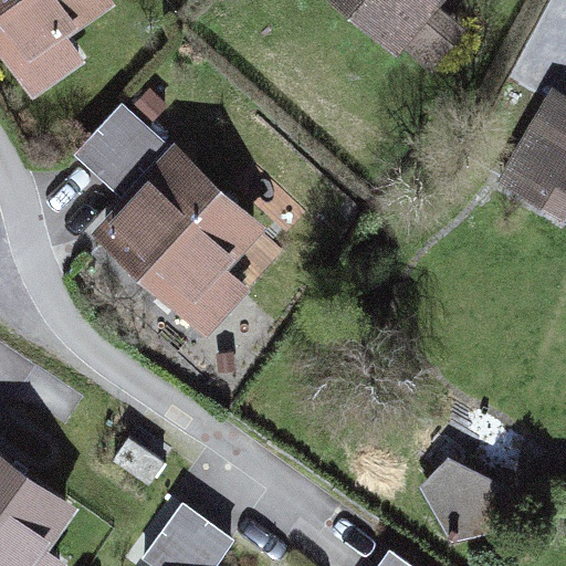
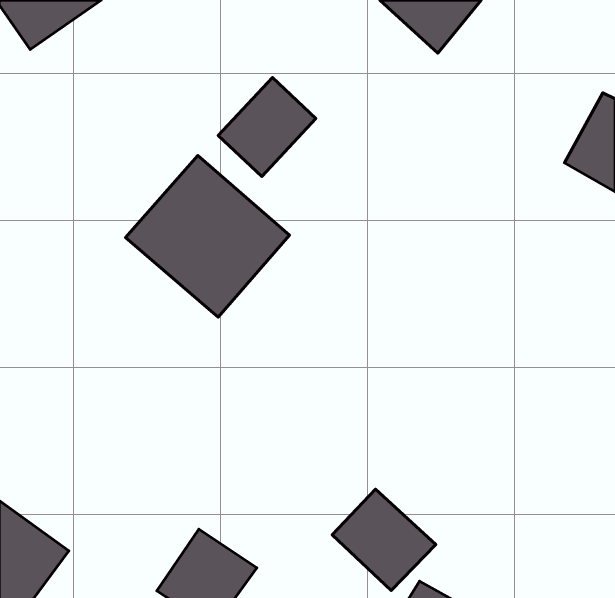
building: [74,103,164,193] -> [218,78,316,176]
building: [415,451,510,544] -> [332,489,436,590]

